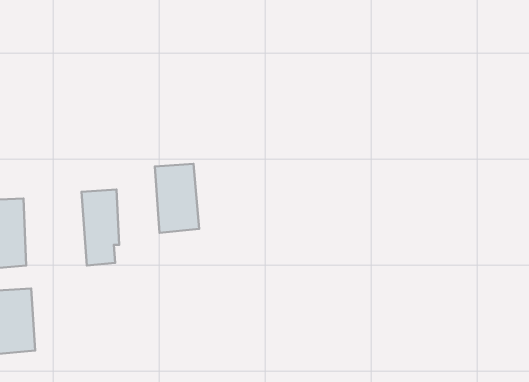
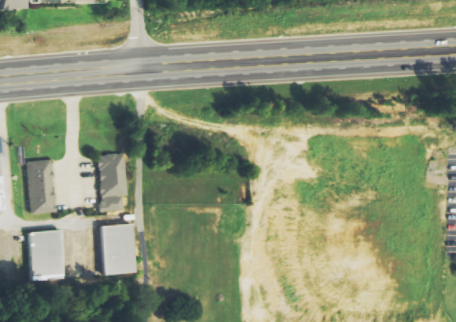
building: [155,164,199,233] -> none
building: none -> [95,223,133,275]

